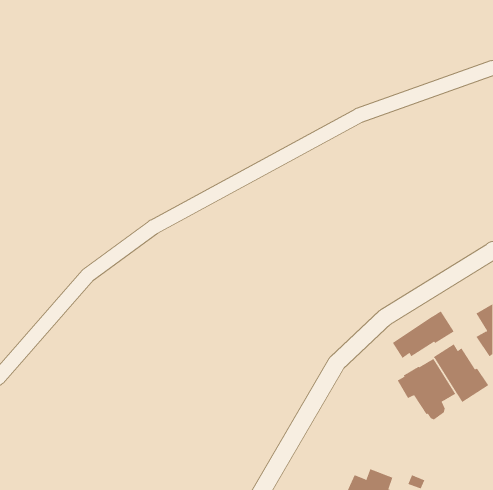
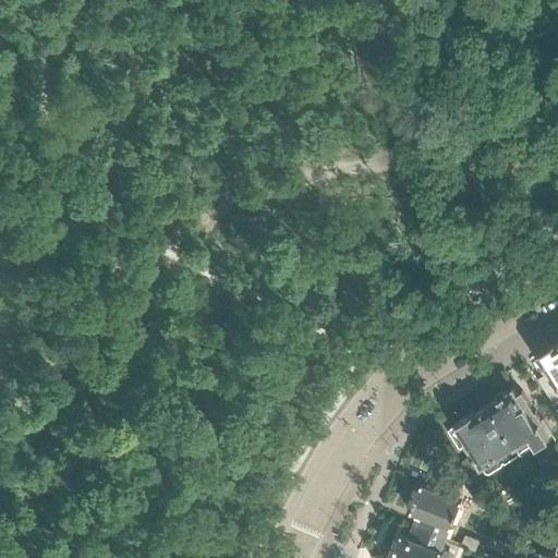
building: [392,311,454,359] -> none
building: none -> [408,481,460,543]

